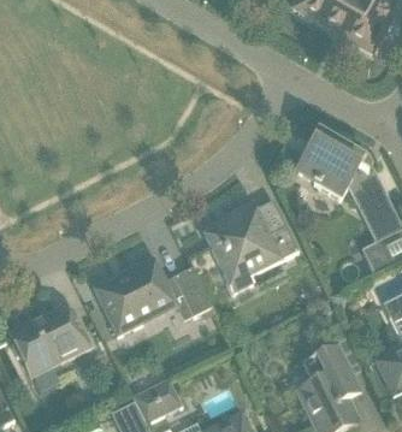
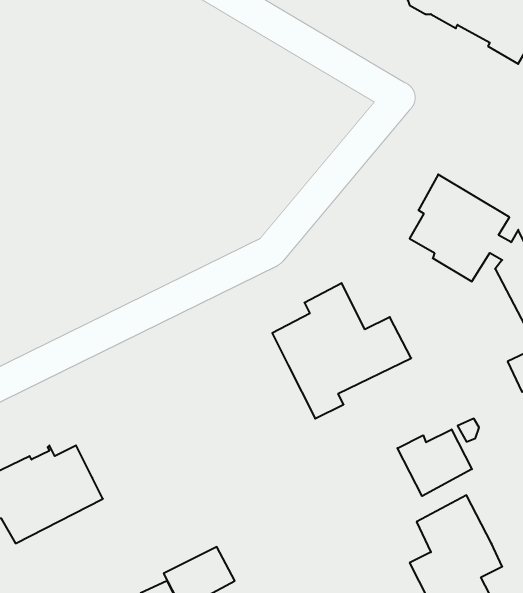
building: [94,258,211,335] -> none
building: none -> [397,429,472,496]

